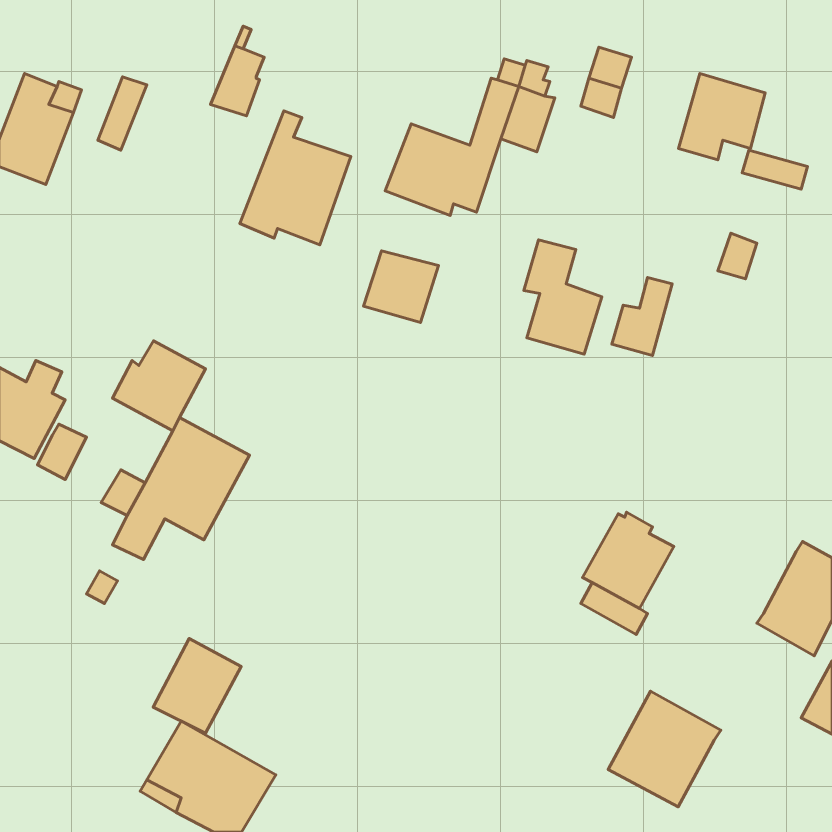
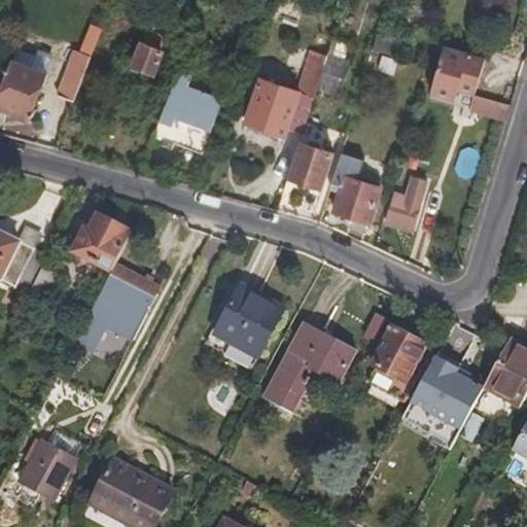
building: [363,251,438,323] -> [286,143,333,188]
building: none -> [211,286,281,358]
building: none -> [262,324,354,414]
building: [153,639,241,733] -> [17,440,73,499]
building: [608,691,721,807] -> [411,362,482,435]

